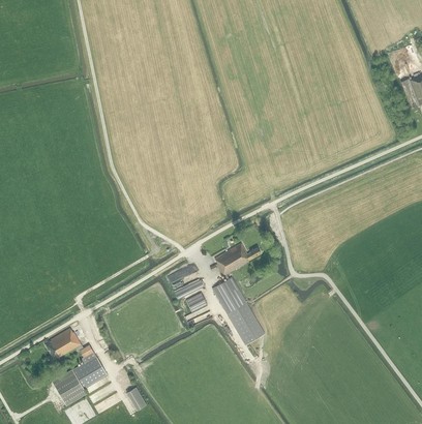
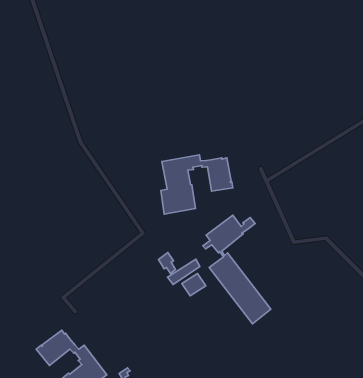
building: none -> [161,155,233,214]

